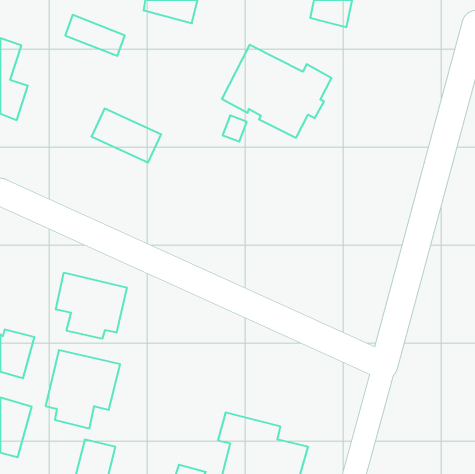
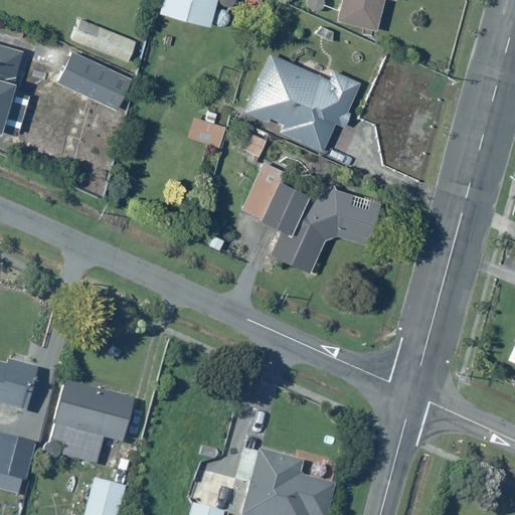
building: none -> [187,118,226,149]
building: [91,109,161,163] -> [55,51,131,110]
building: none -> [243,164,378,273]
building: [56,273,127,339] -> none

